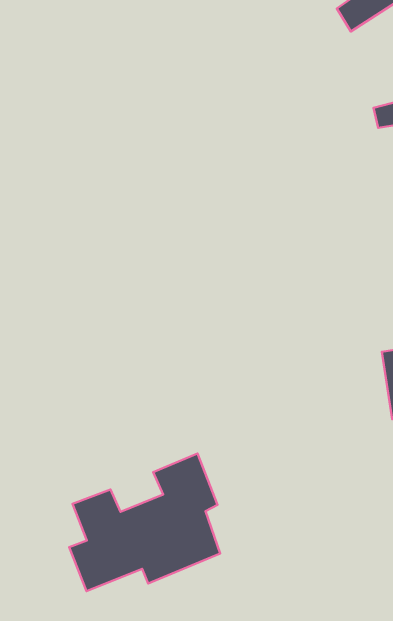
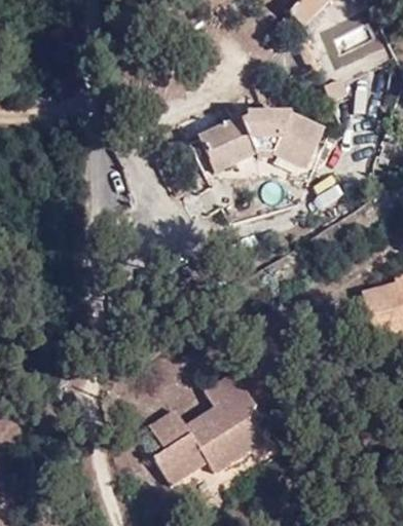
building: none -> [195,115,320,174]

